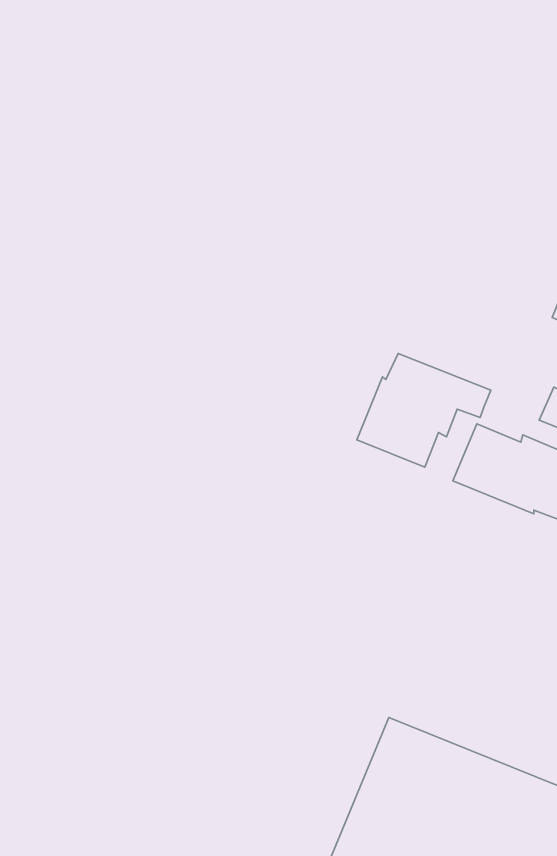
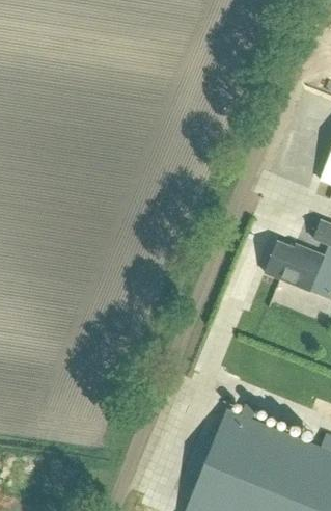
building: [357,353,491,467] -> none

